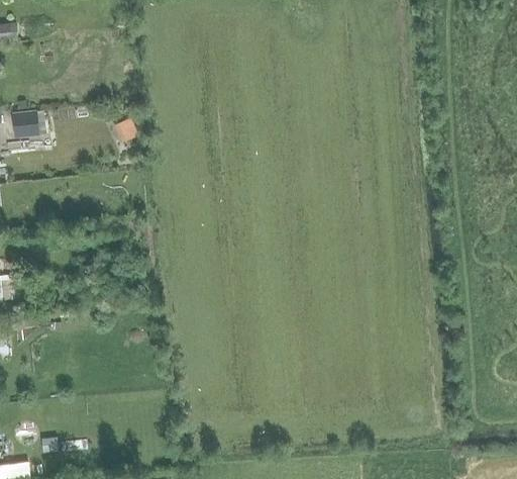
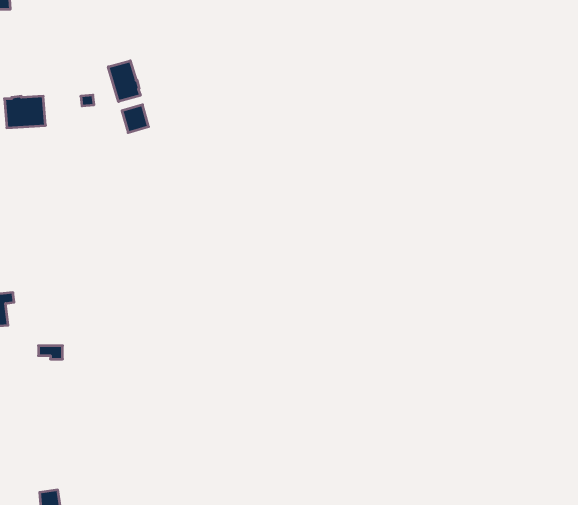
building: none -> [108,61,140,102]

